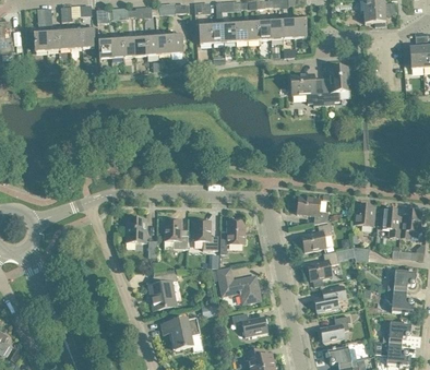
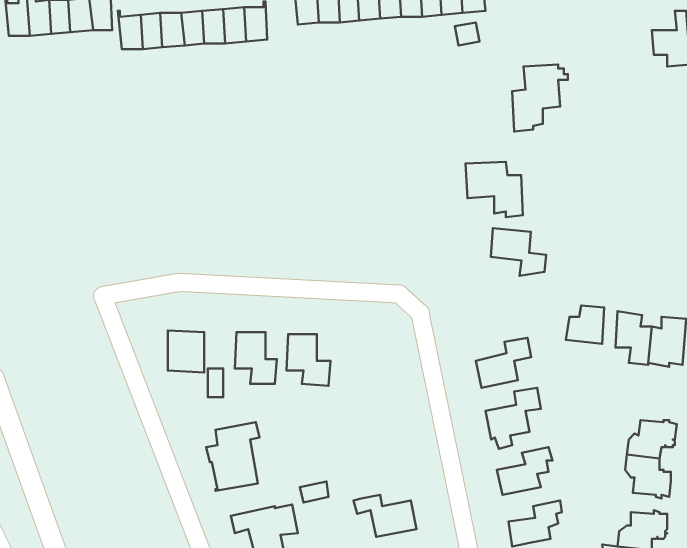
building: [290,73,323,105] -> [466,162,523,217]
building: [297,195,329,223] -> [491,228,546,276]
building: [219,219,244,252] -> none
building: [217,266,261,302] -> none

